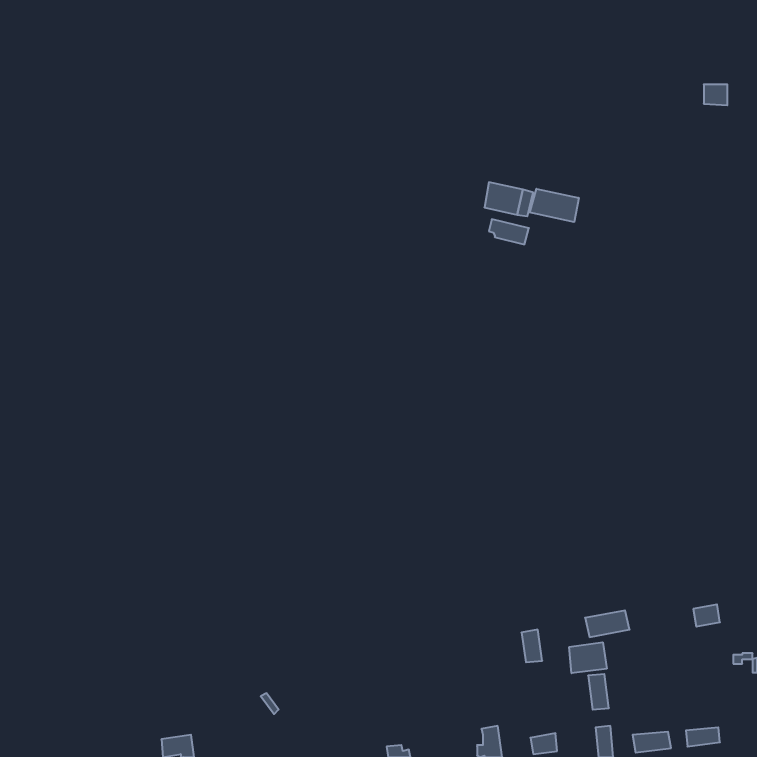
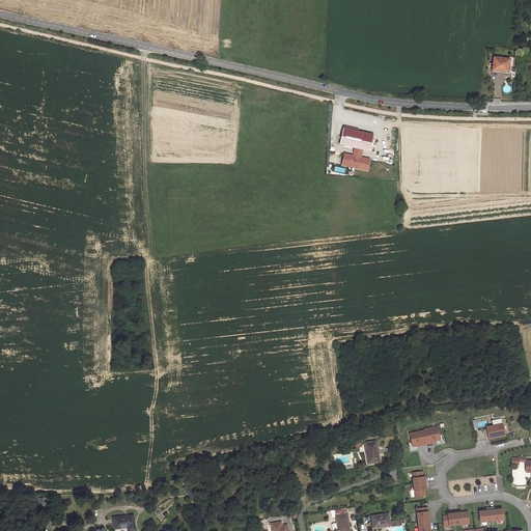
building: [530,189,579,222] -> none
building: [569,642,607,673] -> none

